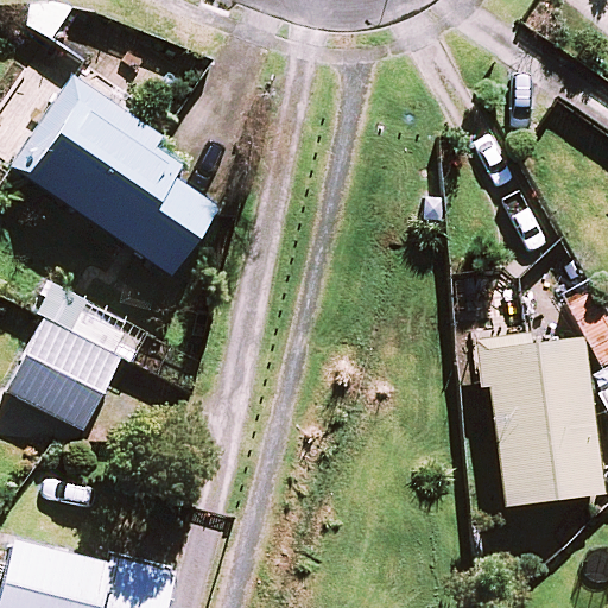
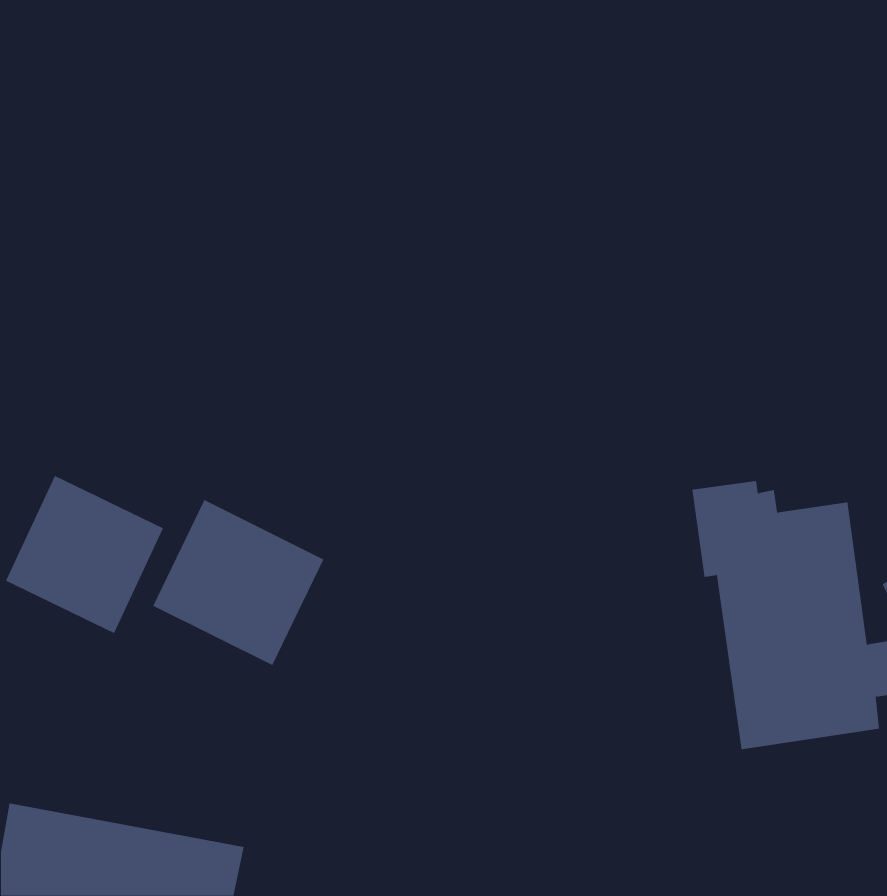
building: [15,78,217,274] -> none
building: none -> [153,499,324,666]

